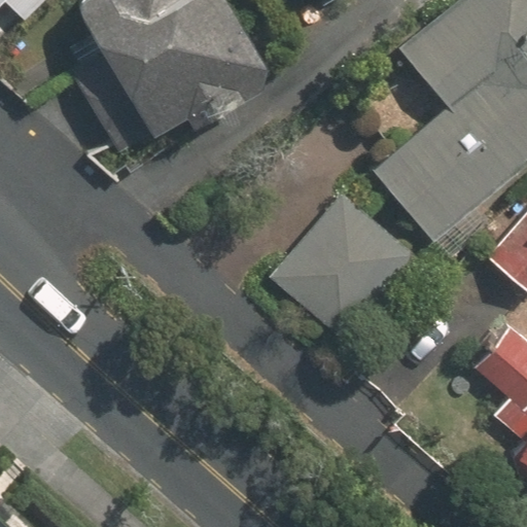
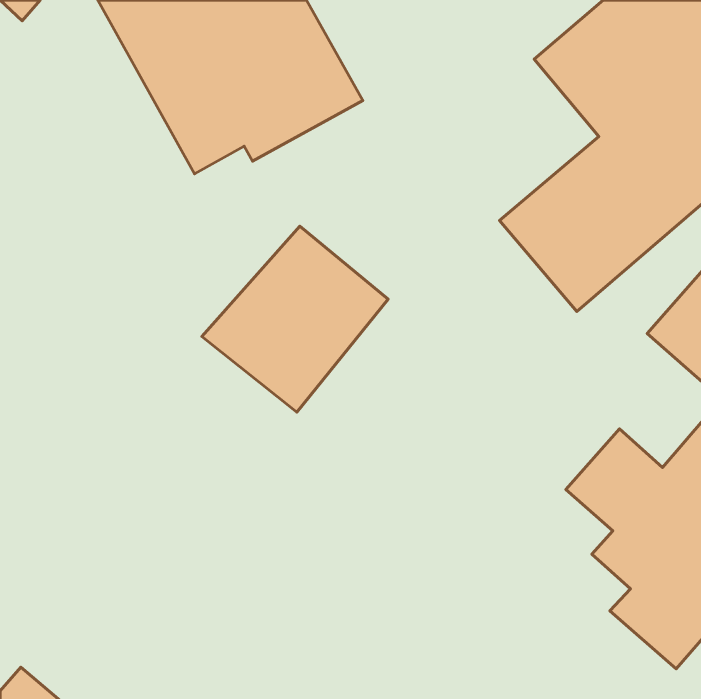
building: [272,198,411,337] -> [202,226,388,412]

